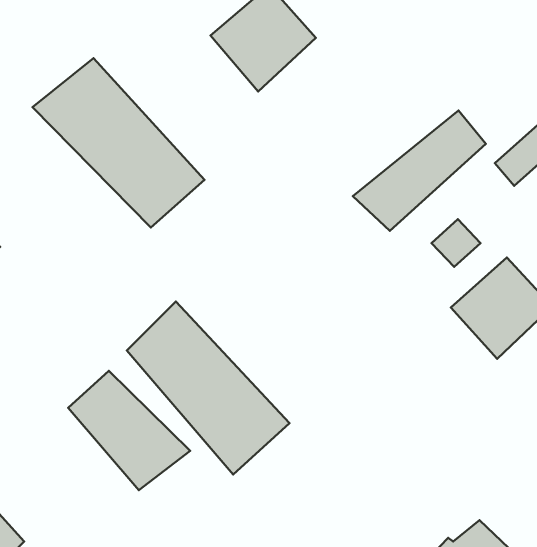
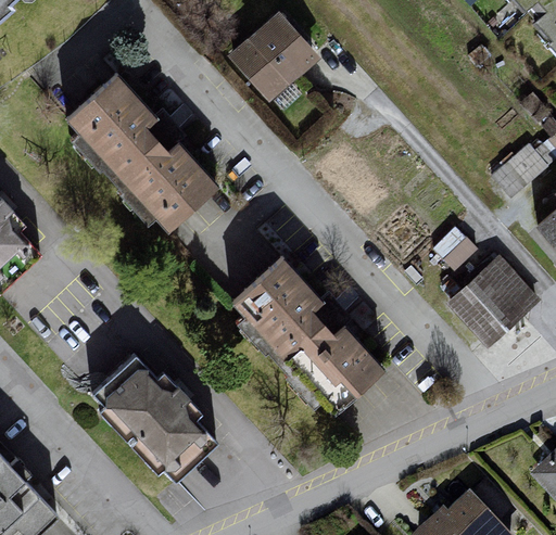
building: [353,111,486,231] -> none
building: [127,301,289,475] -> [237,257,384,415]

